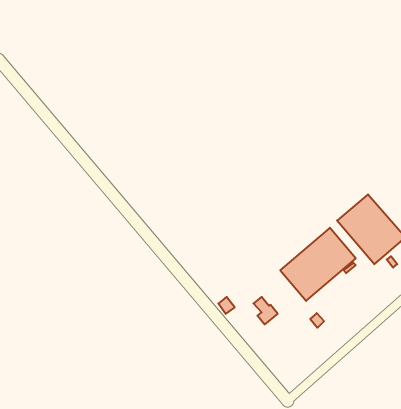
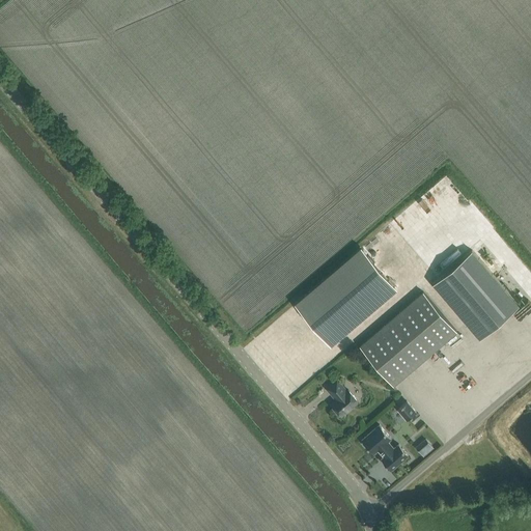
building: none -> [297,251,394,345]
building: none -> [362,426,408,472]

